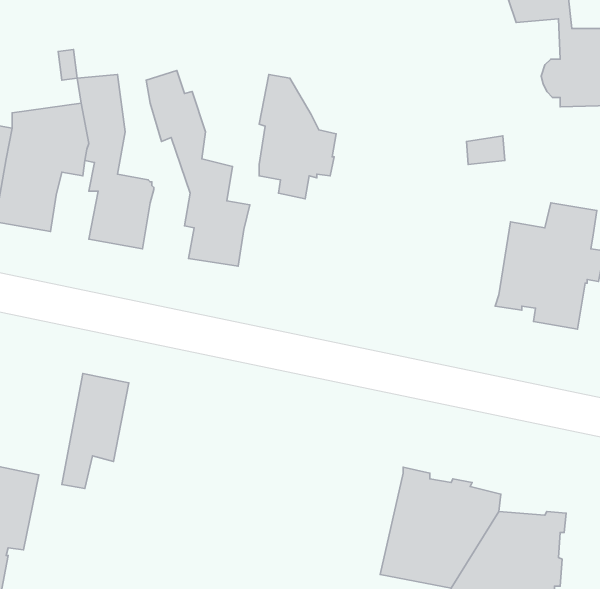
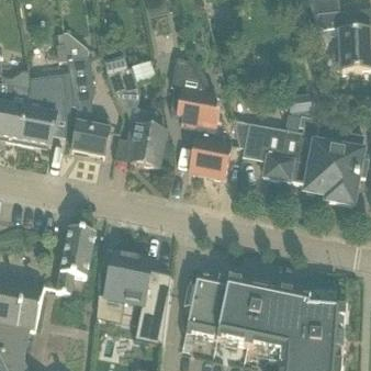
building: none -> [188,104,231,180]
building: none -> [232,113,317,183]
building: none -> [103,249,169,346]
building: none -> [182,273,251,344]

